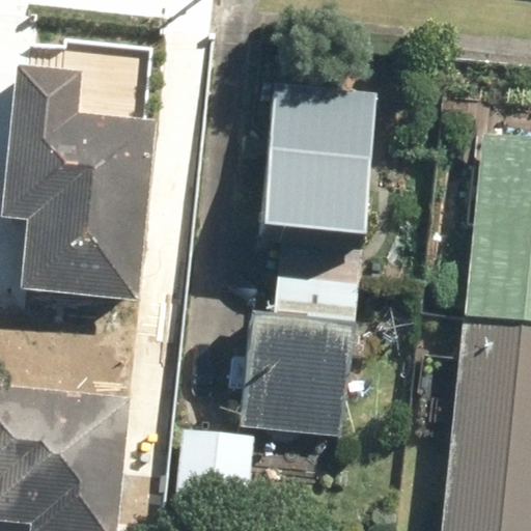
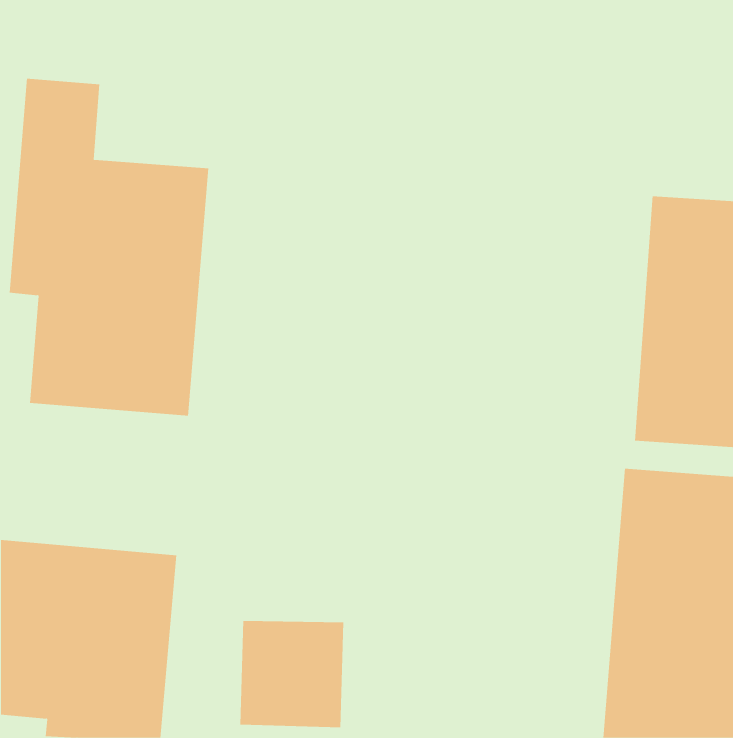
building: [257,124,374,236] -> none
building: [241,307,350,437] -> none

